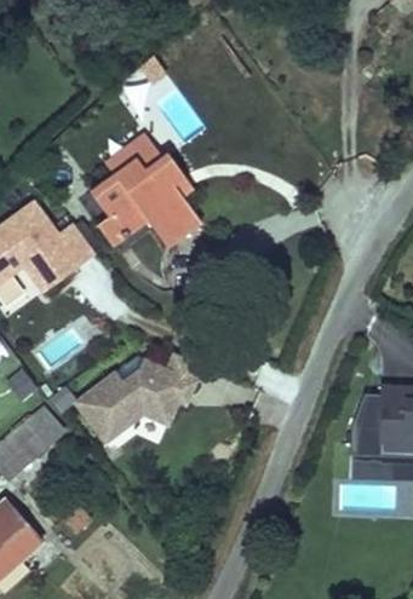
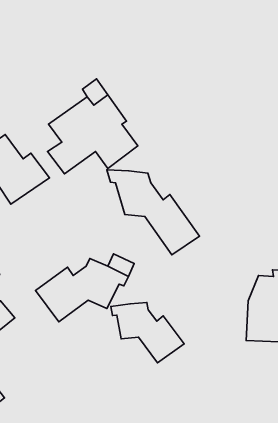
building: none -> [107,170,199,255]
building: none -> [111,303,184,363]

